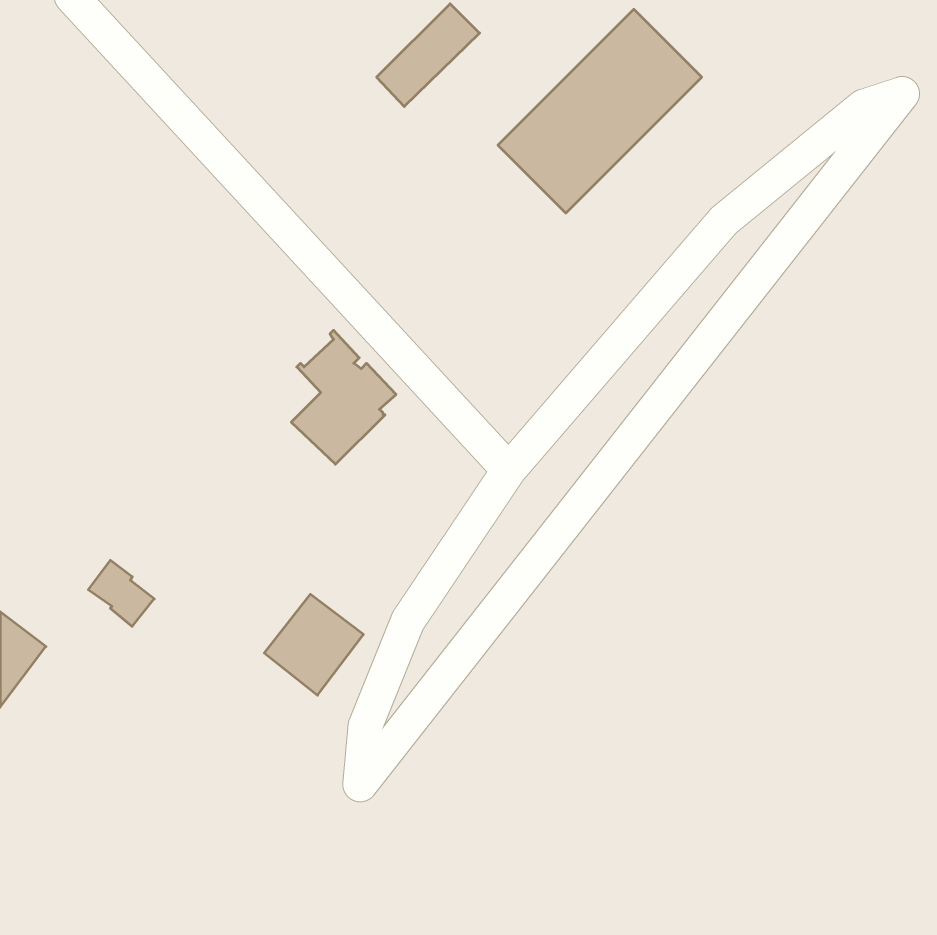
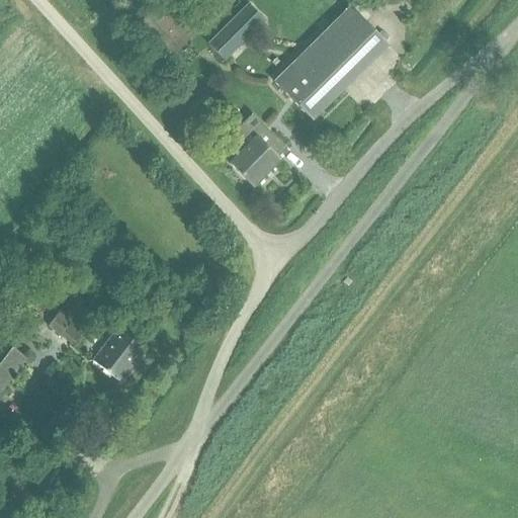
building: [291,330,396,464] -> [229,112,286,186]
building: [264,594,363,695] -> [92,326,147,381]

